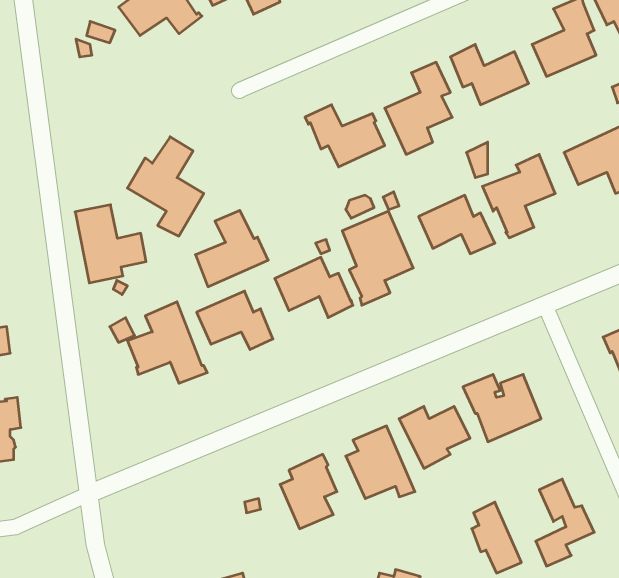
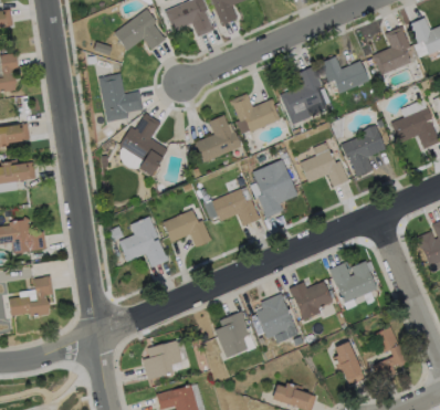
building: [75,205,146,283] -> [98,73,143,122]
building: [195,210,268,287] -> [196,114,241,161]
building: none -> [143,339,182,379]

